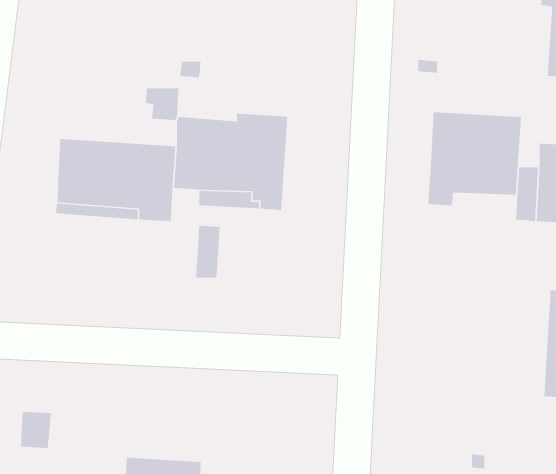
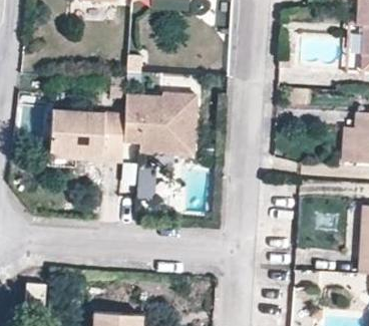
building: [428,112,522,207] -> none

